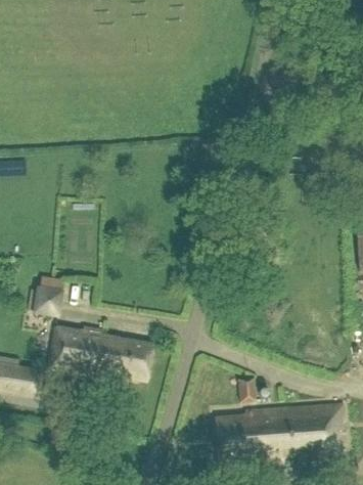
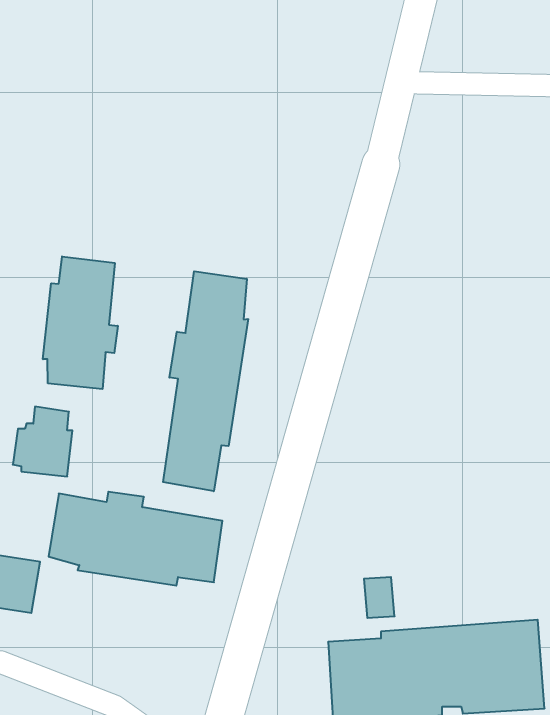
building: none -> [43,256,118,389]
building: none -> [163,271,248,491]

